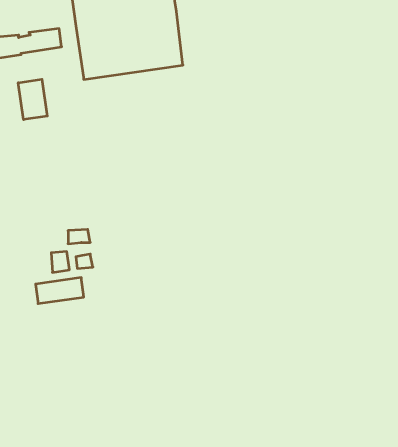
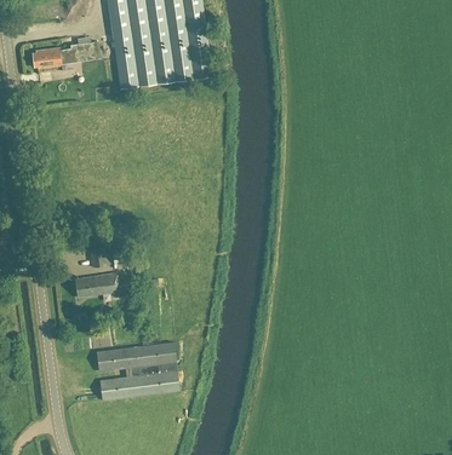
building: [18,79,47,120] -> none
building: none -> [95,341,178,398]

